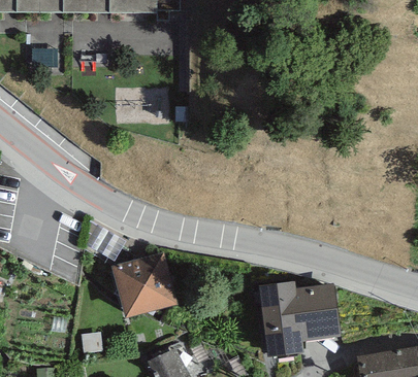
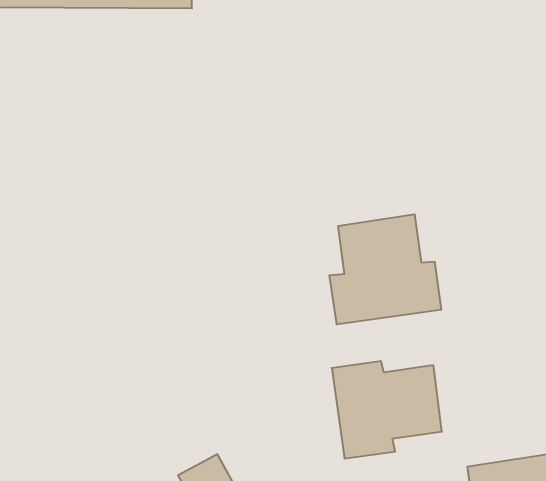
building: none -> [330,214,441,324]
building: [111,248,175,312] -> none

